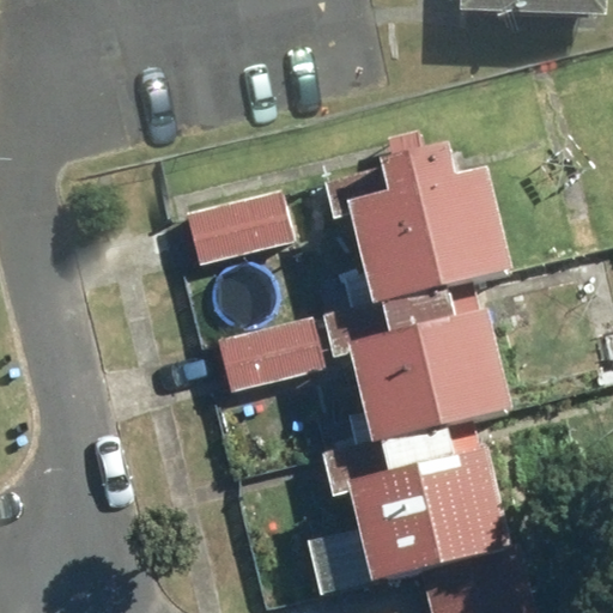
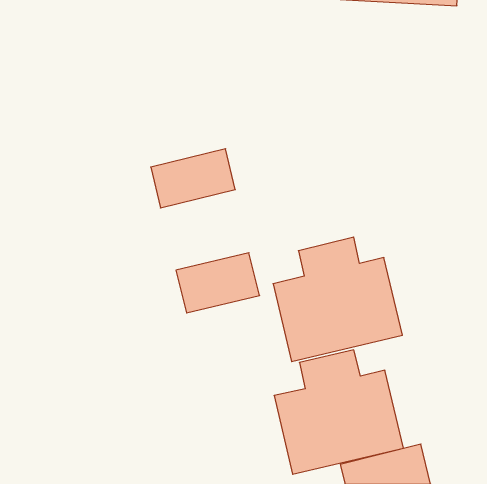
building: [347,145,506,303] -> none

